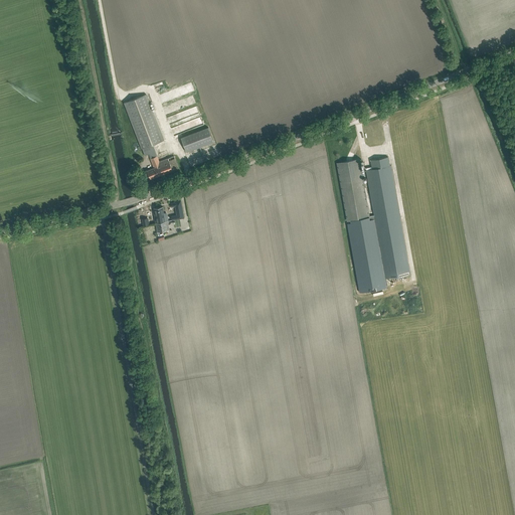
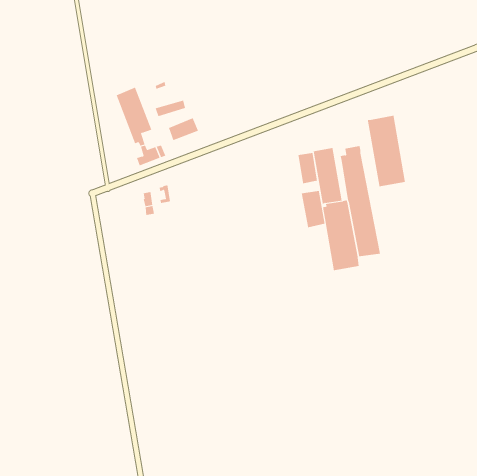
building: none -> [367,115,406,187]
building: none -> [298,152,318,184]
building: none -> [301,190,325,228]

